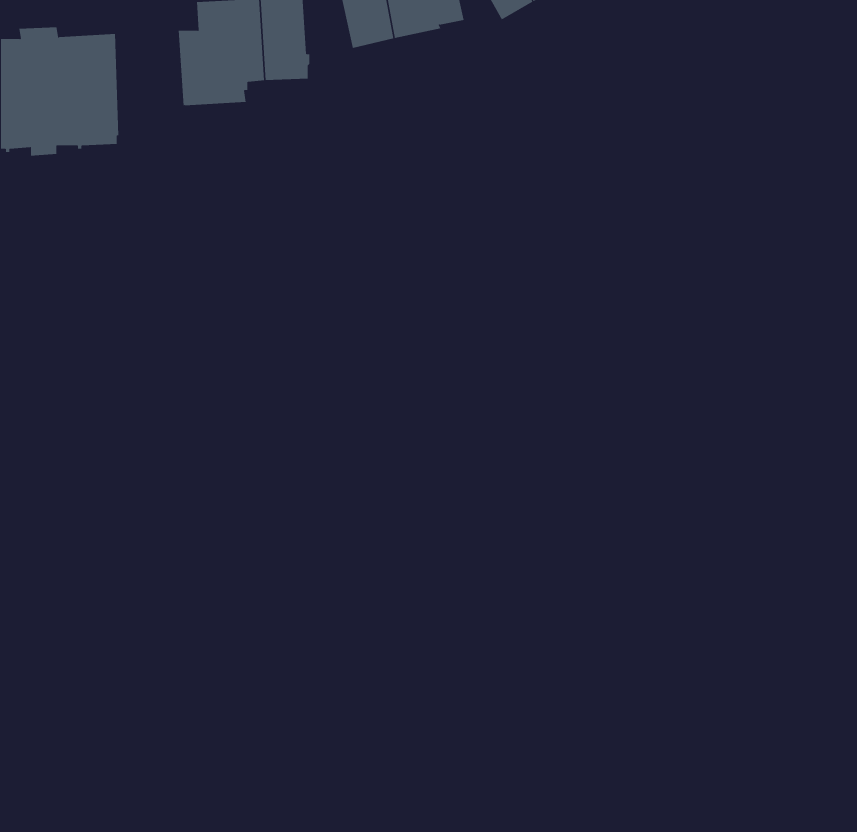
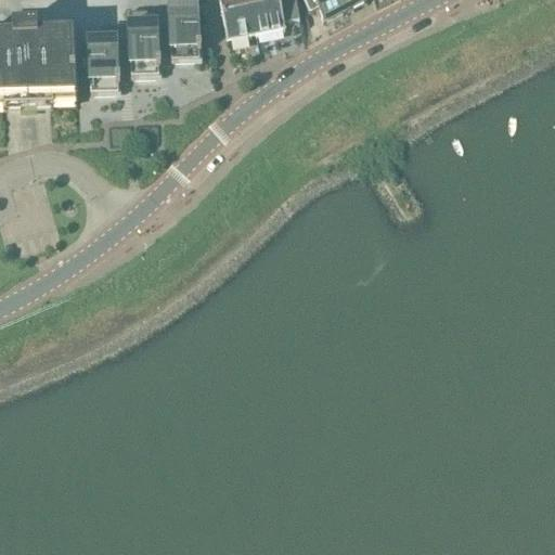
building: none -> [87,20,120,85]

